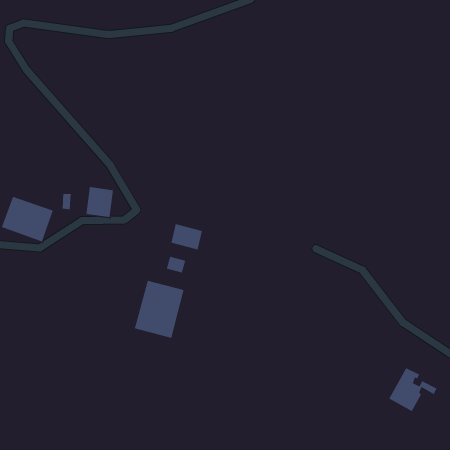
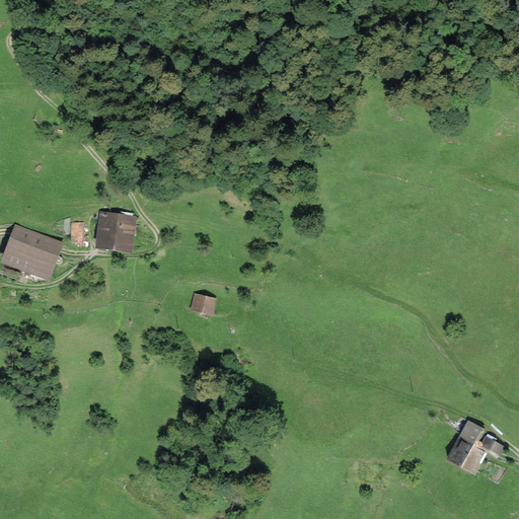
building: [170,223,203,250] -> none
building: [134,280,184,339] -> none

